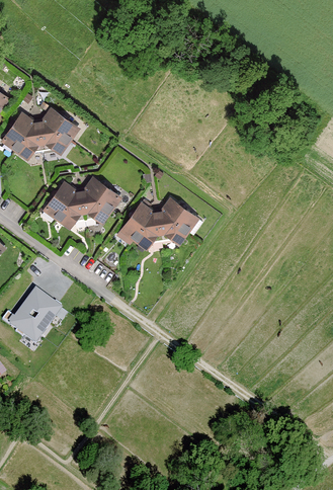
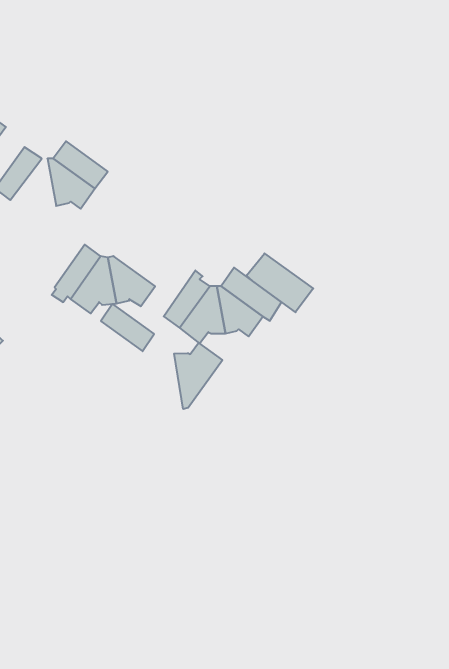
building: [11,119,44,160] -> none
building: [84,176,121,210] -> [101,304,154,351]
building: none -> [246,253,313,312]
building: none -> [174,343,222,409]
building: [8,287,61,342] -> none

